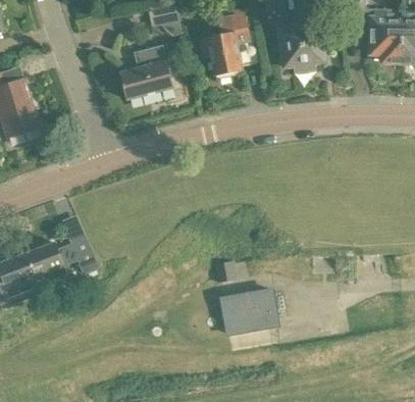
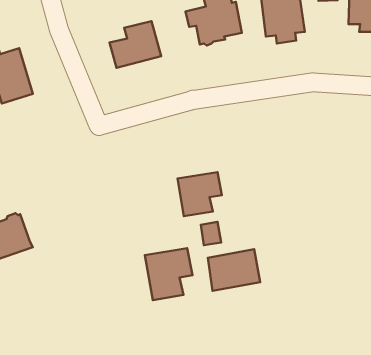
building: none -> [177,172,222,216]
building: [24,234,98,281] -> none
building: none -> [145,248,192,300]

